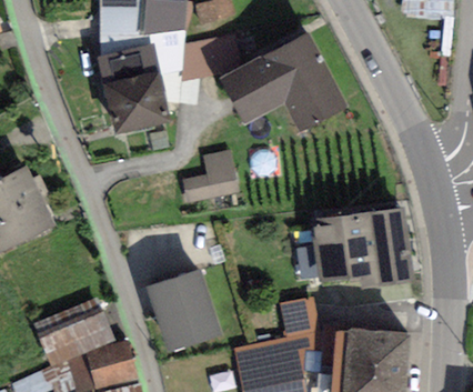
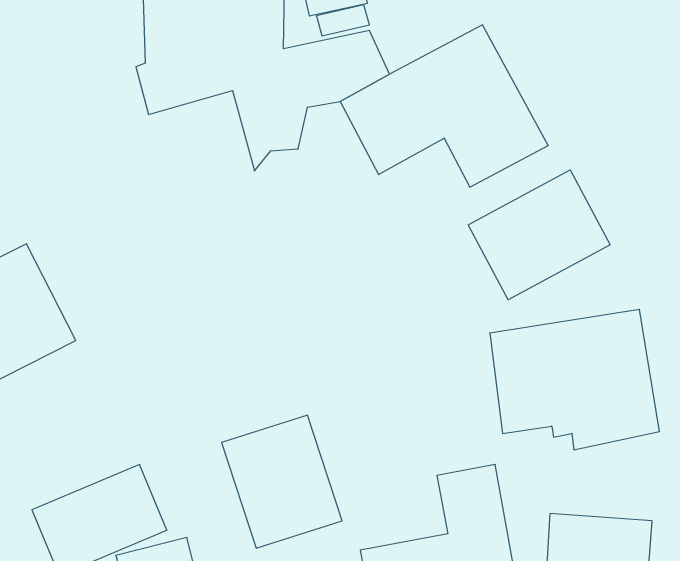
building: [103,70,168,133] -> none
building: none -> [468,170,610,300]
building: [183,151,235,203] -> none

